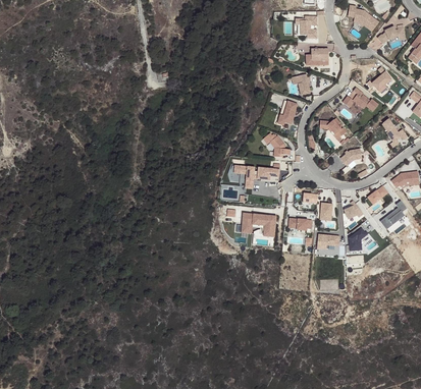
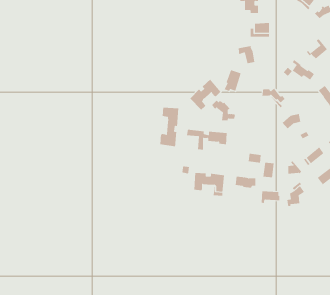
building: none -> [189,79,221,111]
building: none -> [160,107,179,147]

